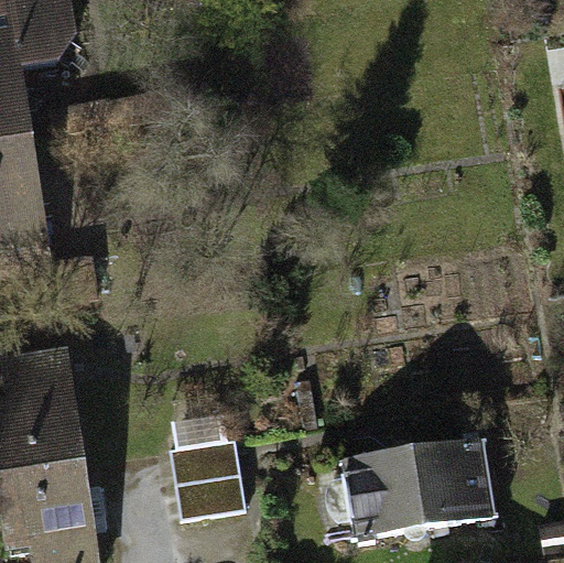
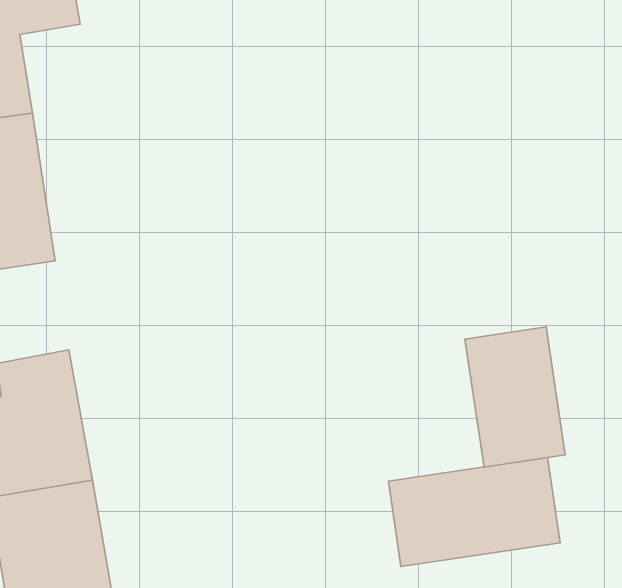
building: none -> [465,327,565,467]
building: [169,439,246,523] -> none

